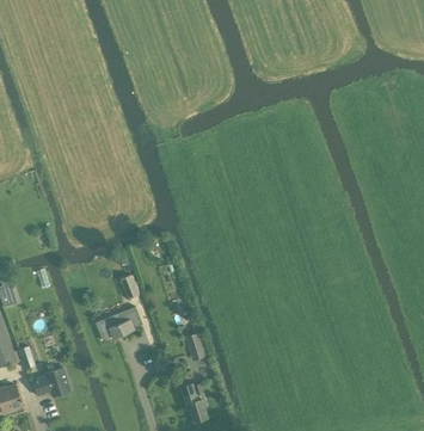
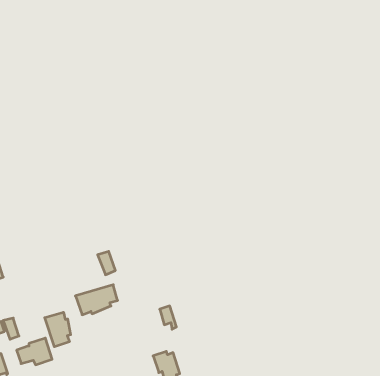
building: none -> [45,312,71,347]

